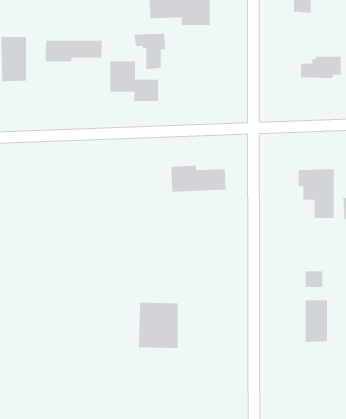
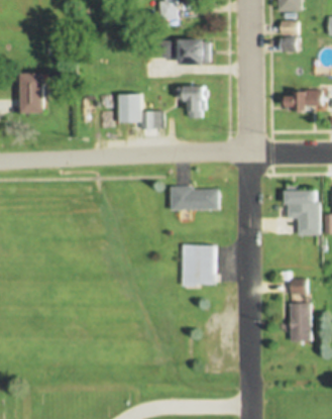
building: [134,33,166,70] -> [179,86,207,118]
building: [45,40,103,62] -> none
building: [138,302,178,349] -> [181,244,216,286]

